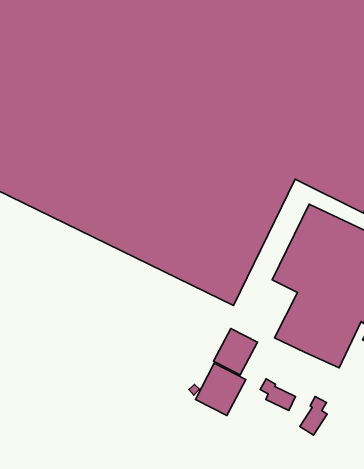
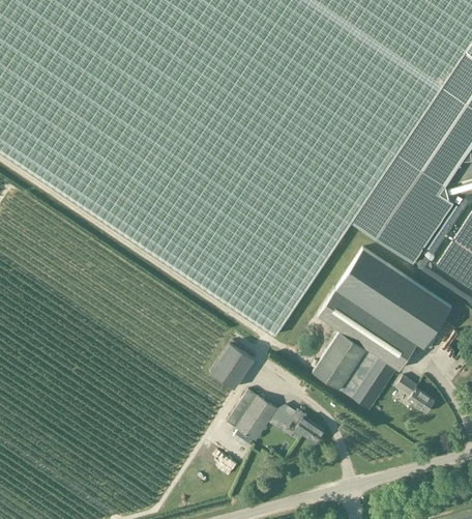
building: [214,329,257,375] -> [211,341,256,386]
building: [300,397,327,435] -> none

